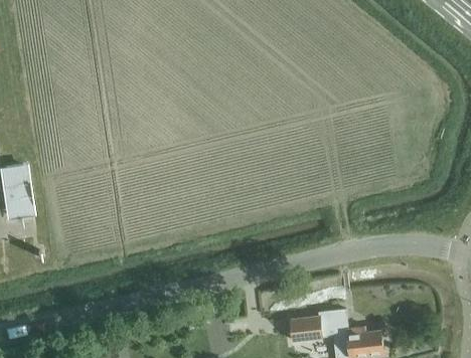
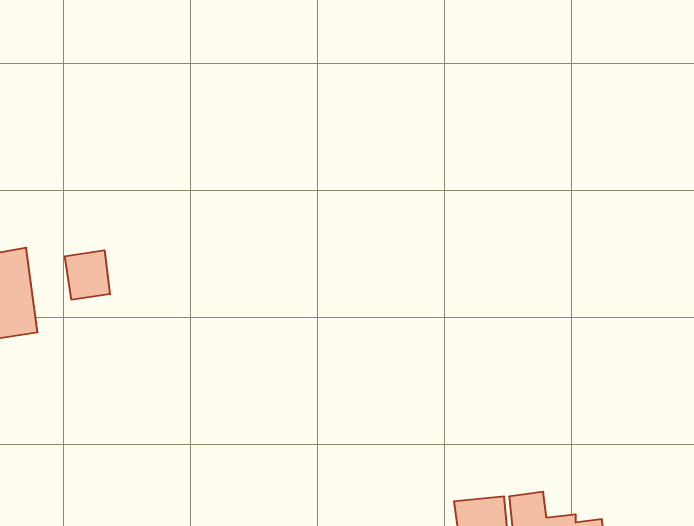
building: none -> [65,250,110,300]

